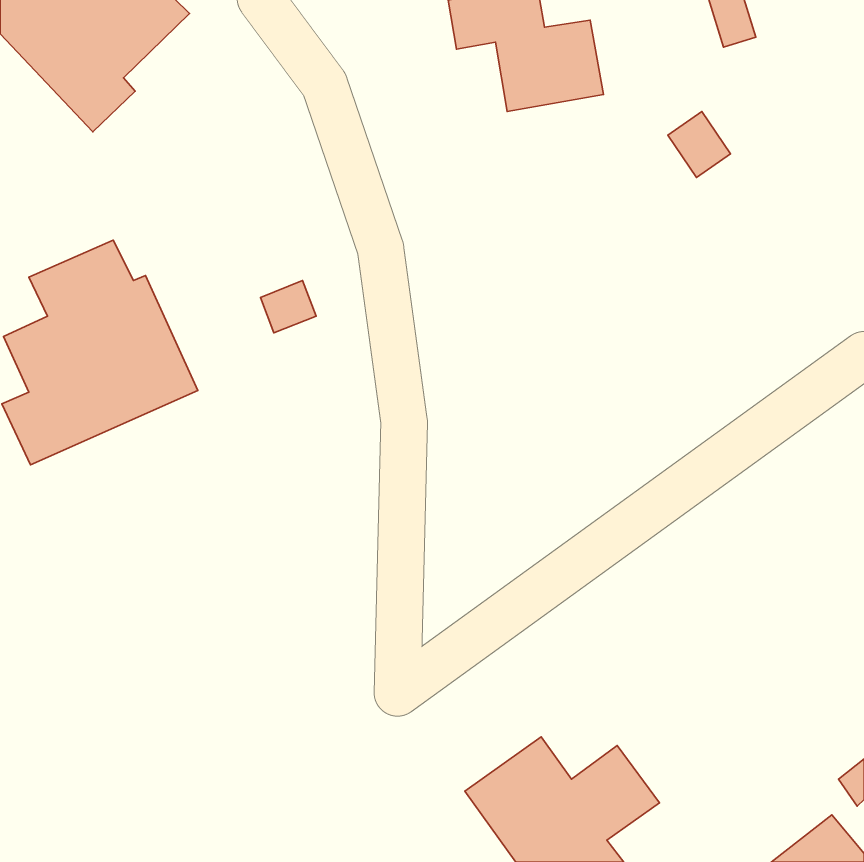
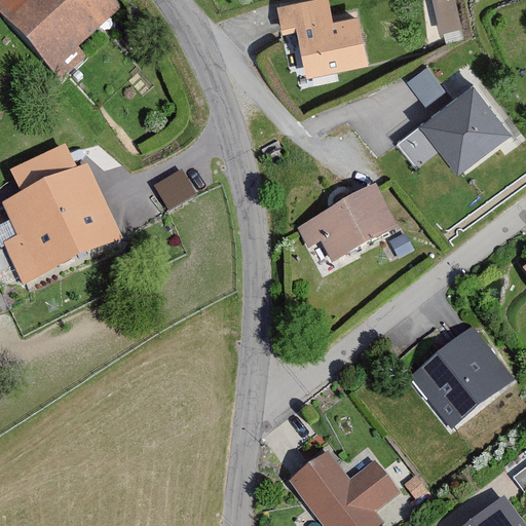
building: none -> [399,86,515,180]
building: none -> [296,185,402,264]
building: none -> [408,324,511,424]

